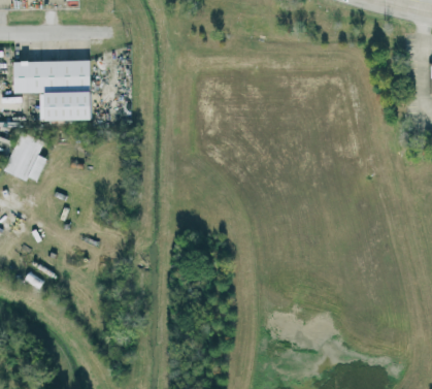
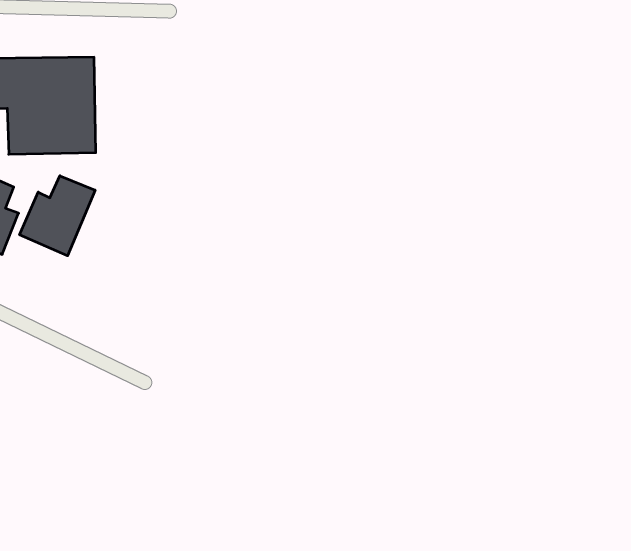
building: none -> [20,176,95,256]

